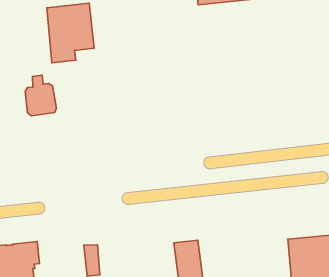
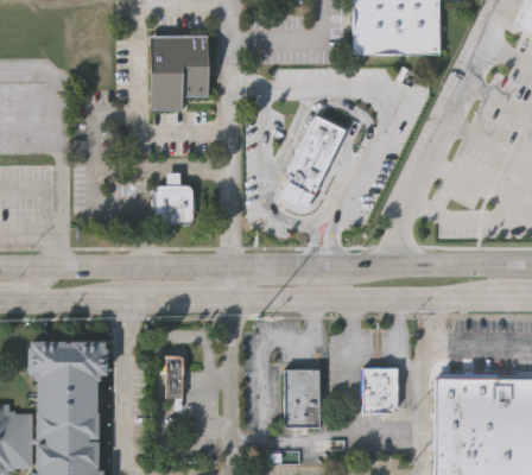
building: none -> [281,115,347,208]
building: [25,75,57,116] -> [156,172,195,224]
building: none -> [361,368,395,412]

